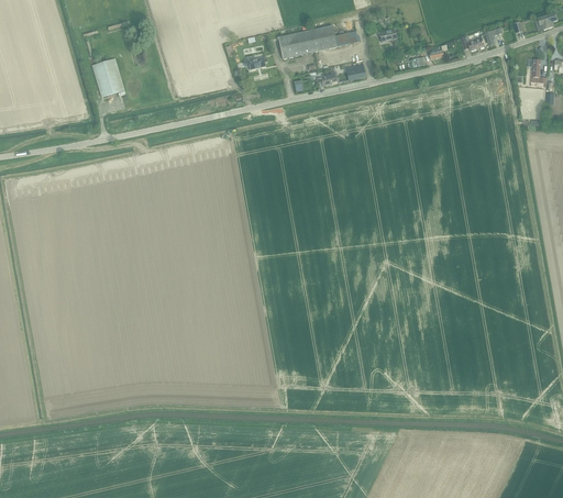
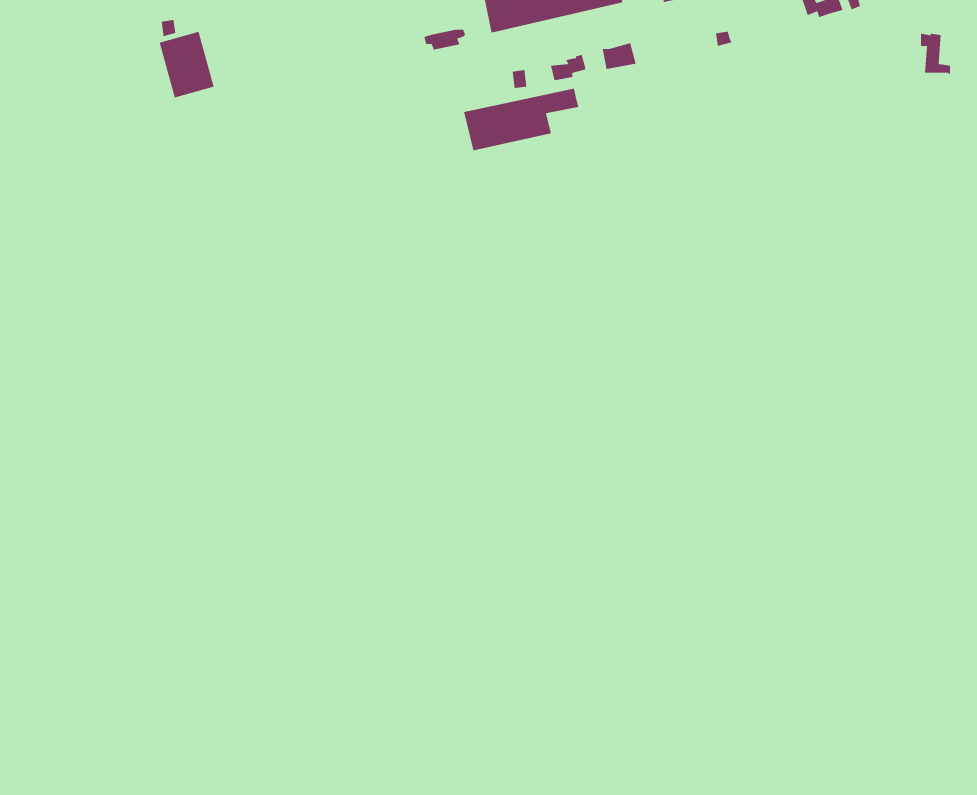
building: none -> [464,88,579,151]

